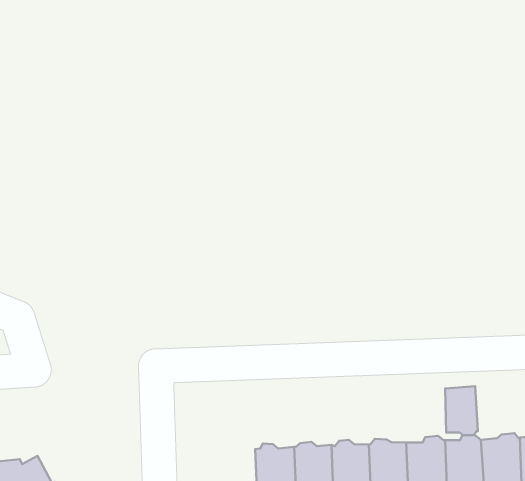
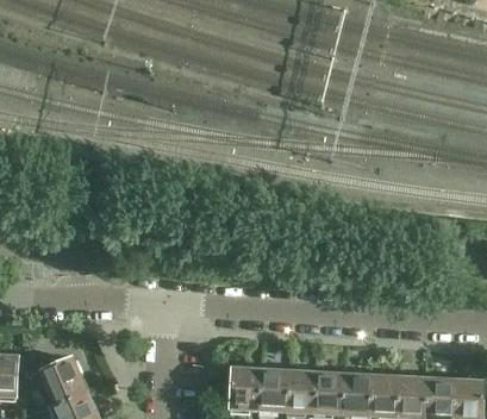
building: [445,386,478,435] -> none

